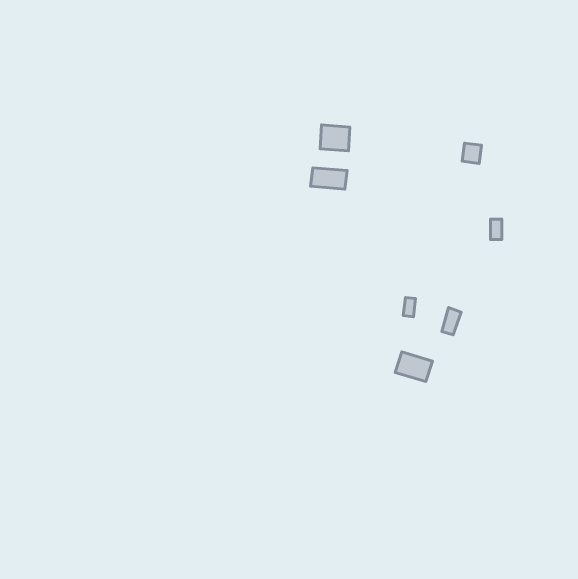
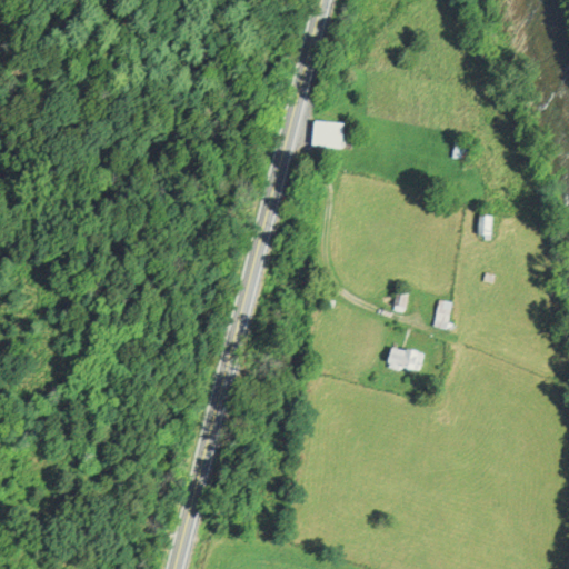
building: [310,168,347,189] -> none

